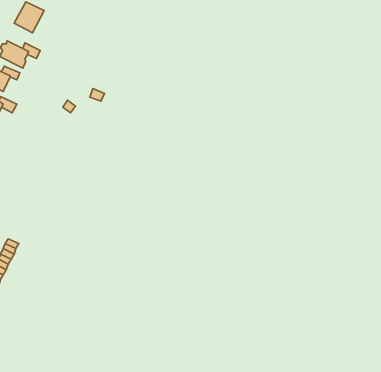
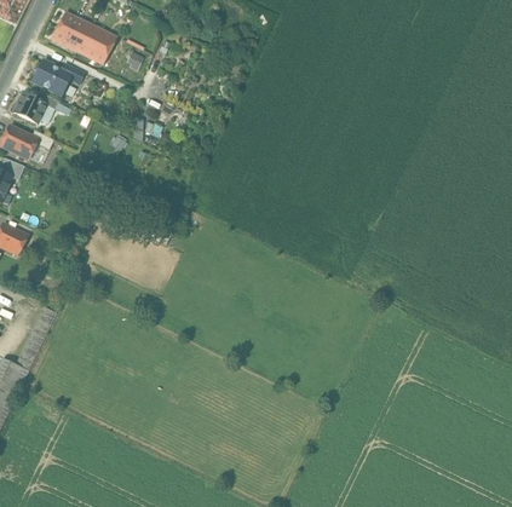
building: none -> [74,22,116,63]

